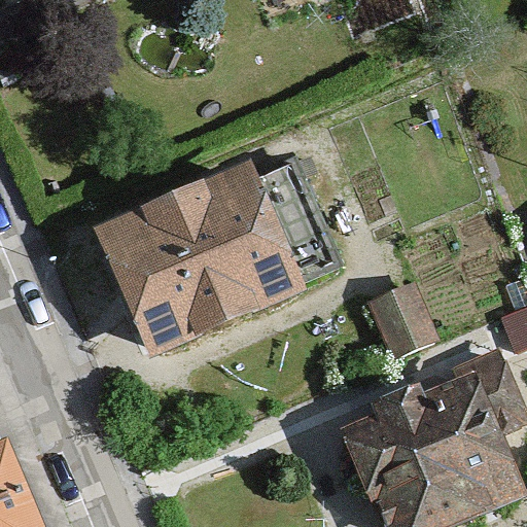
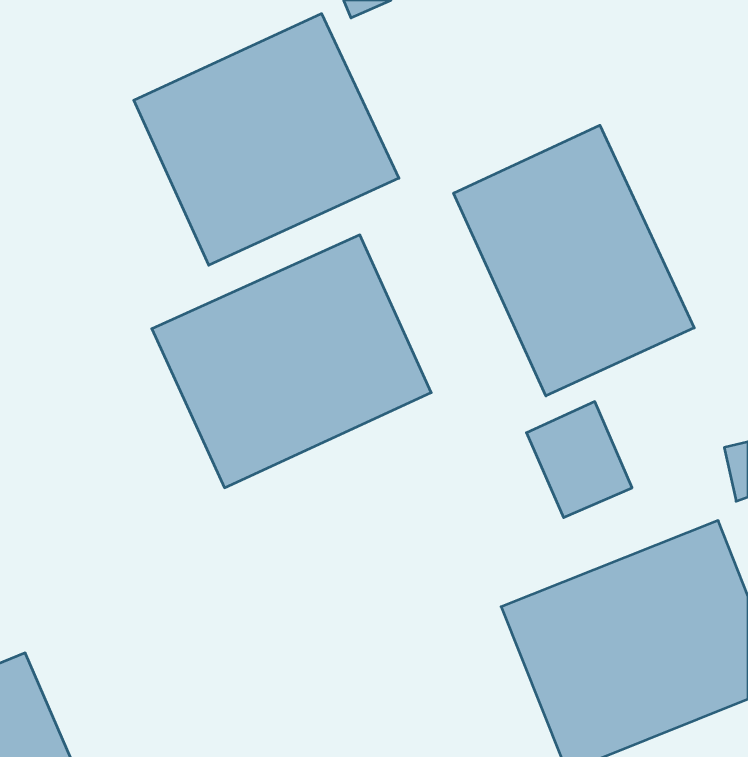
building: none -> [134,14,399,265]
building: none -> [454,125,694,396]

